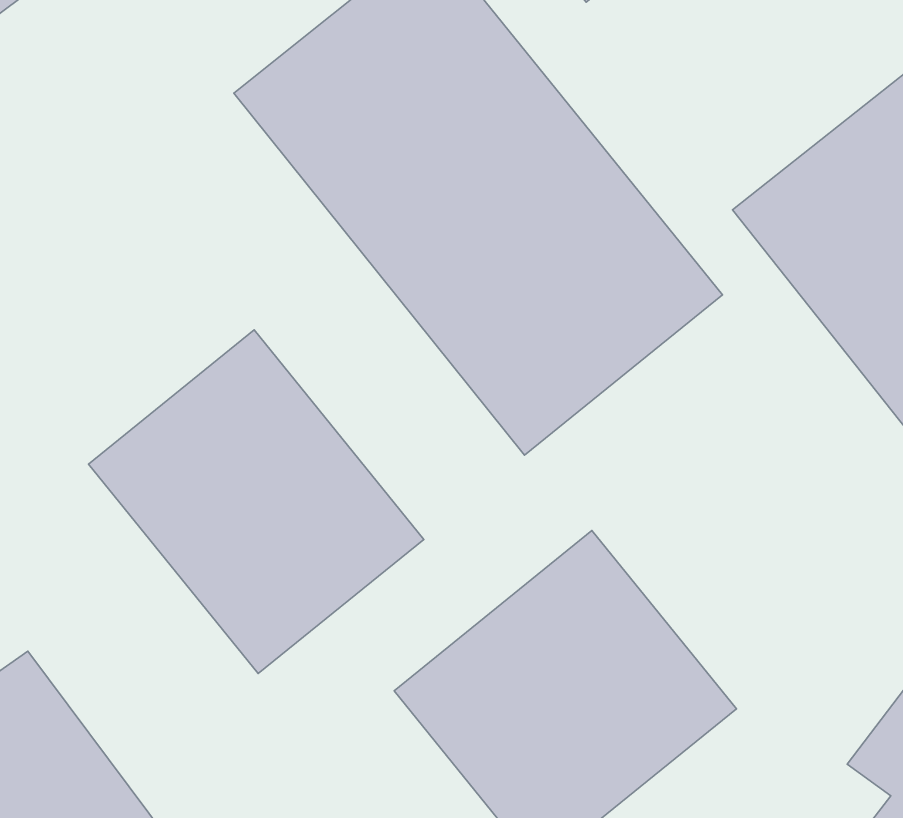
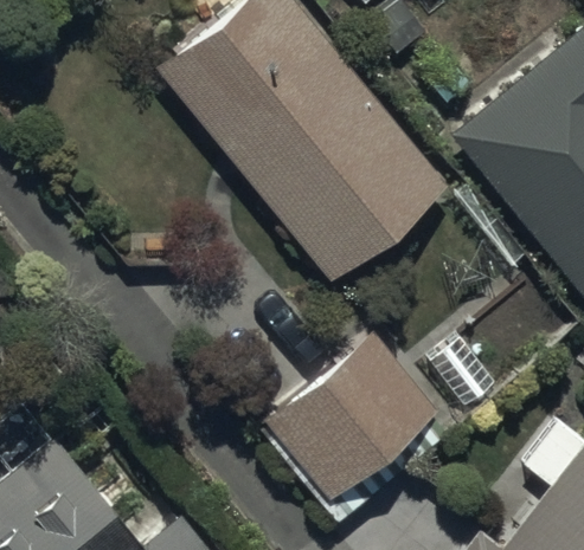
building: [88,330,424,674] -> none

